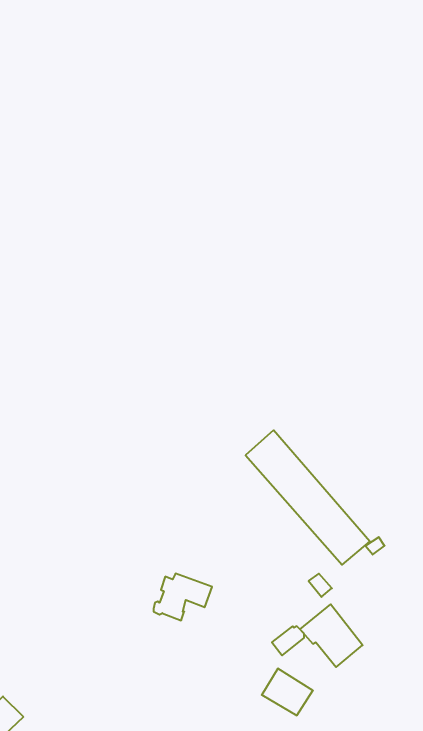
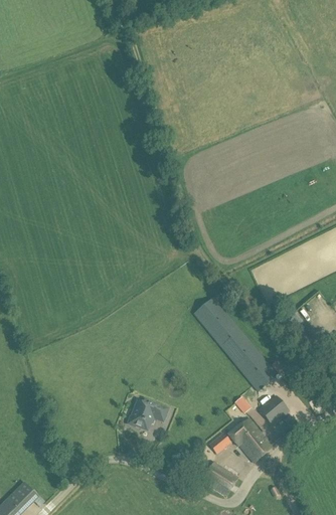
building: none -> [260,395,291,425]

